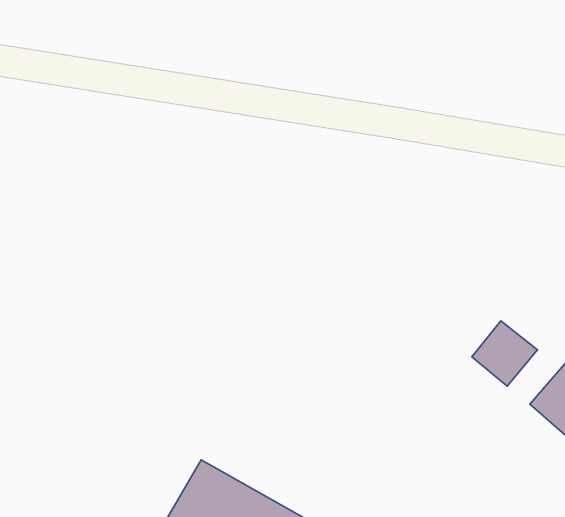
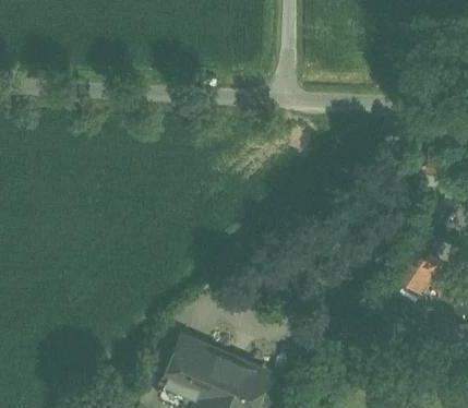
building: [472,321,537,386] -> none

